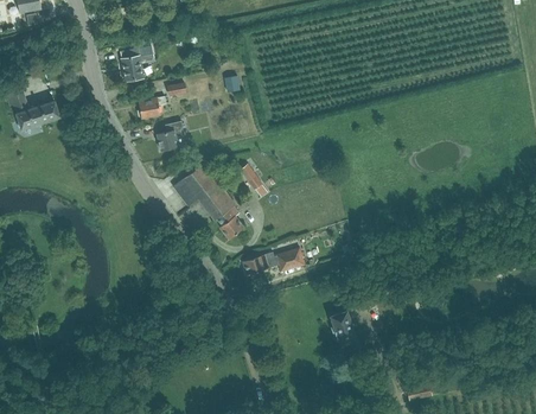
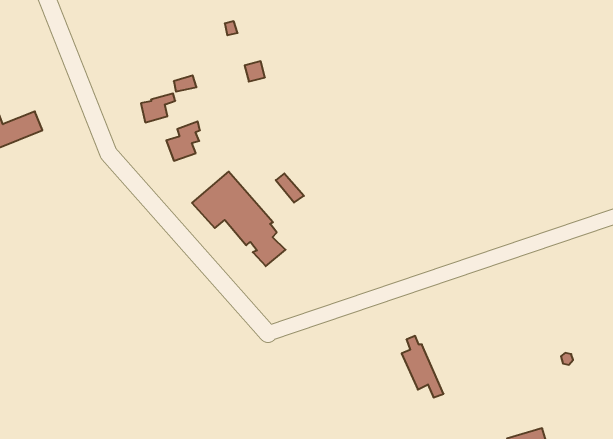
building: [120,46,153,82] -> none
building: [243,248,305,274] -> none

